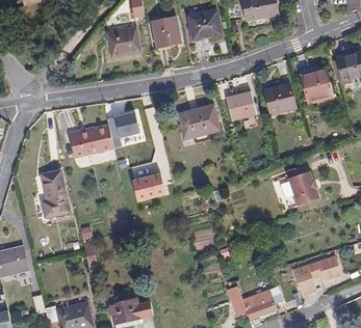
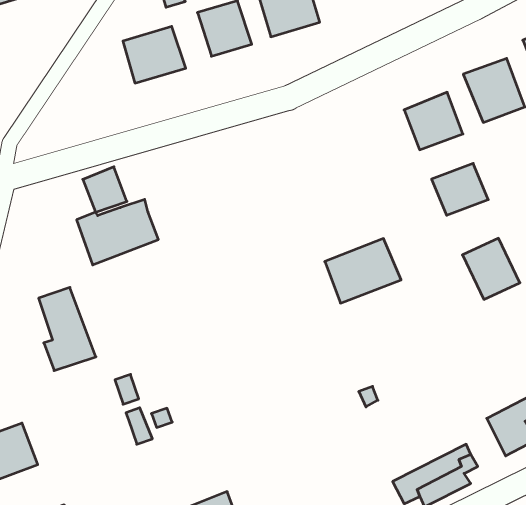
building: [225,91,256,119] -> [432,163,488,215]
building: [177,104,220,138] -> [325,239,401,303]
building: [113,111,137,136] -> [83,167,127,212]
building: [131,173,163,200] -> none

